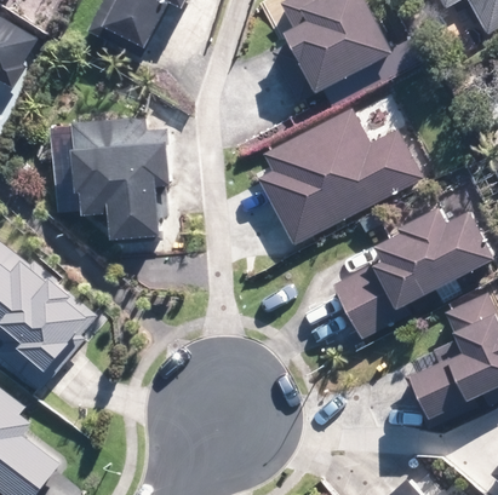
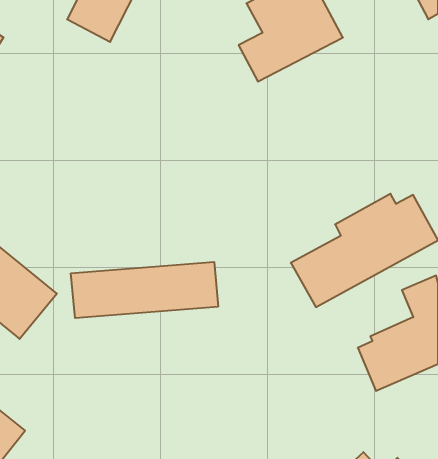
building: [265,113,419,235] -> none
building: [79,122,168,229] -> none
building: none -> [71,262,218,318]

